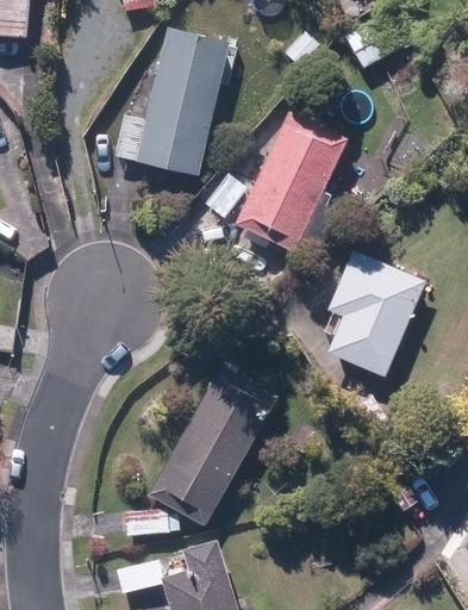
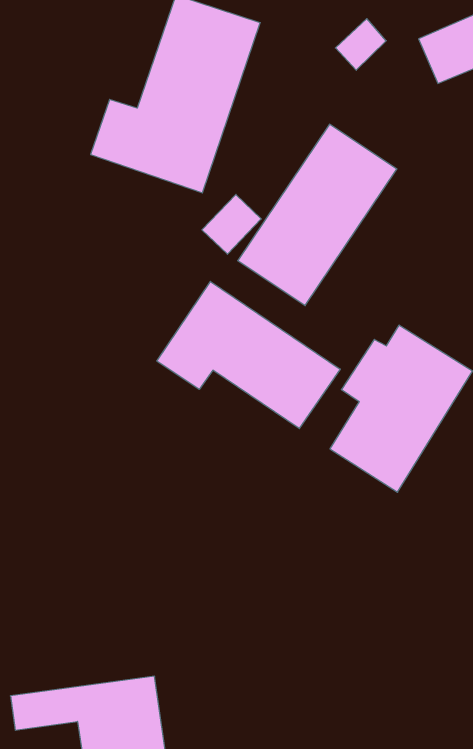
building: none -> [157,281,340,429]
building: [148,361,285,529] -> none

